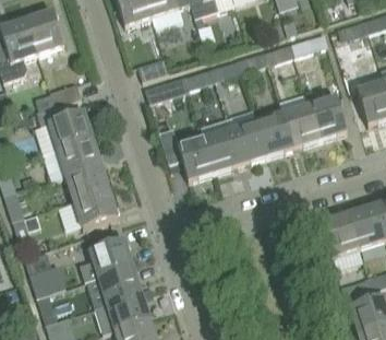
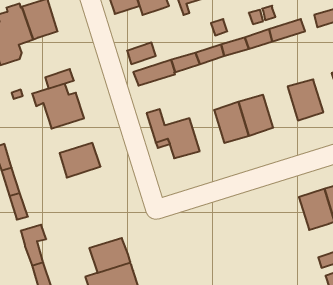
building: [279,92,321,146] -> none
building: [205,128,242,172] -> none
building: [58,137,101,174] -> none
building: [74,188,119,226] -> none
building: [80,237,133,280] -> none

